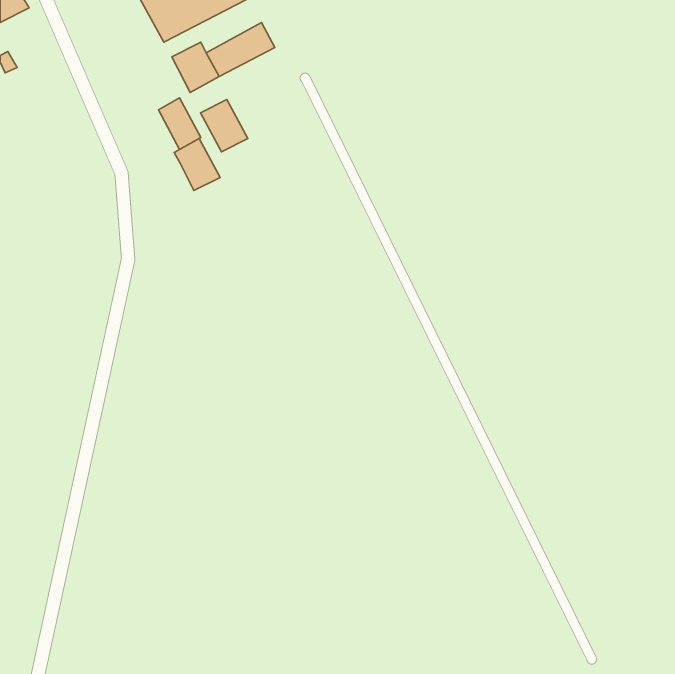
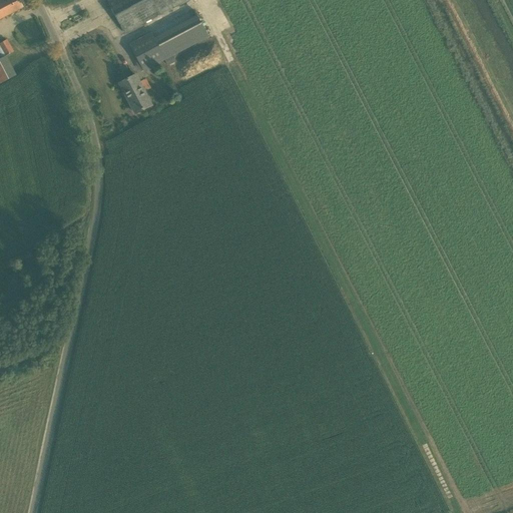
building: [201,99,248,152] -> none
building: [174,138,220,190] -> none

